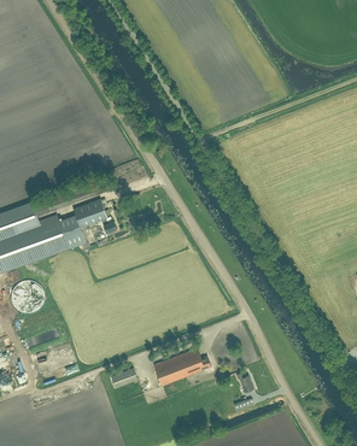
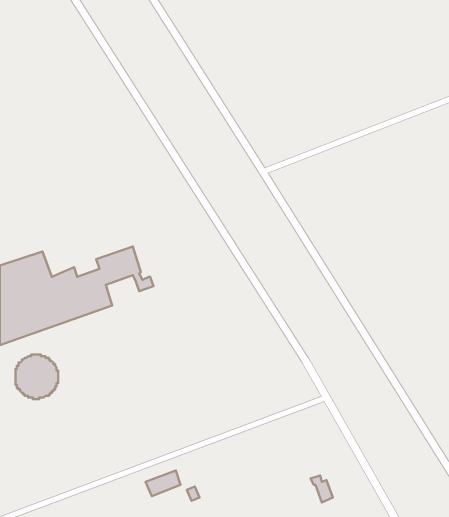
building: [154,347,211,385] -> none

